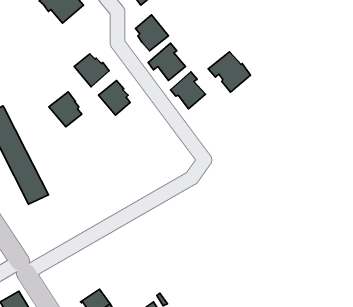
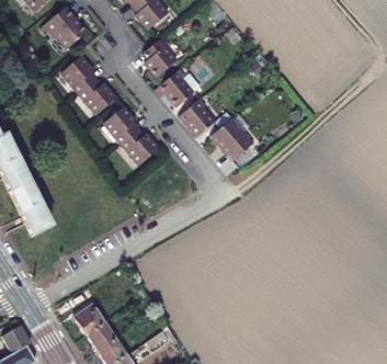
building: [208,52,251,92] -> [209,118,253,160]
building: [49,92,82,127] -> [61,56,95,92]
building: none -> [122,129,158,164]
building: none -> [73,303,105,335]

